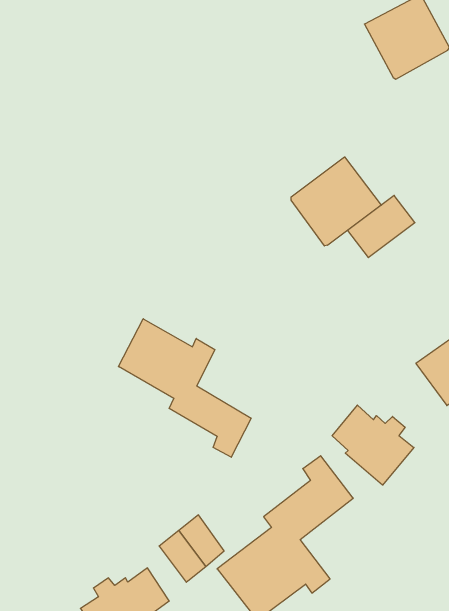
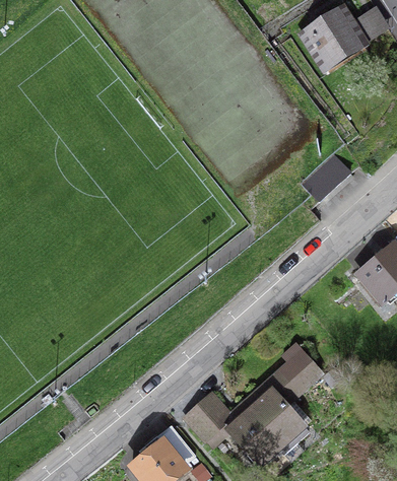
building: [291,157,381,246] -> none
building: [118,319,251,457] -> none
building: [332,405,414,485] -> none

